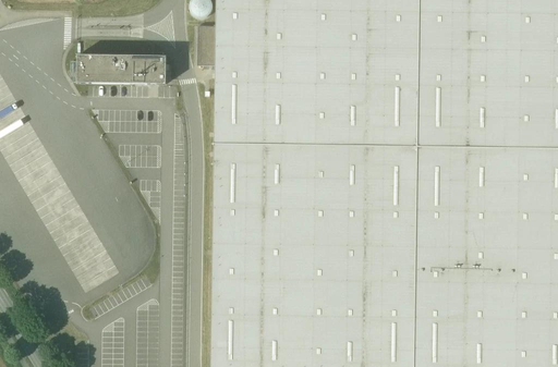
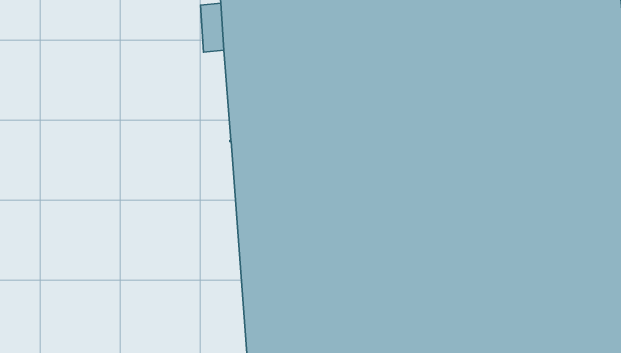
building: [76,56,166,85] -> none

